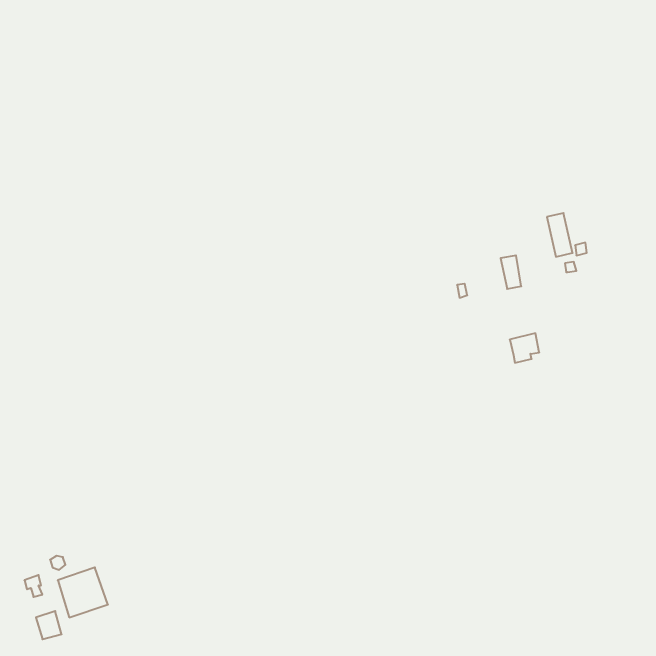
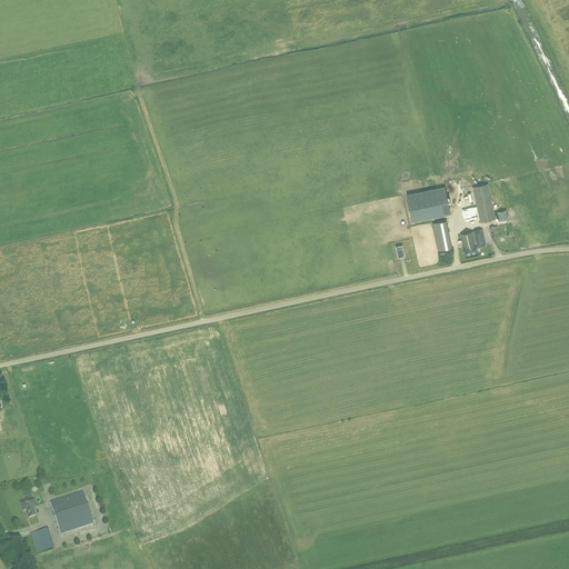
building: none -> [407,187,450,222]
building: [510,333,539,363] -> [460,229,486,254]

